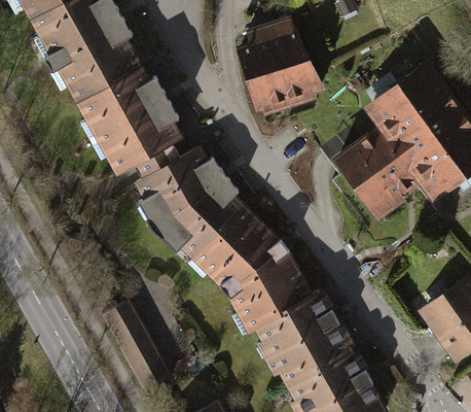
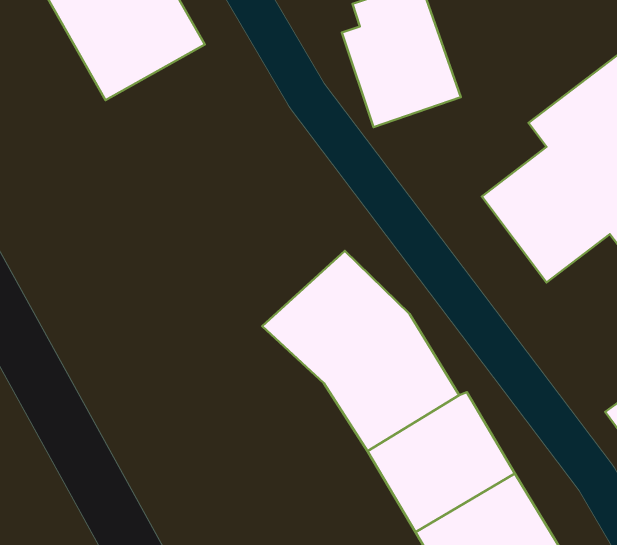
building: [74,58,185,173] -> none
building: [131,148,238,255] -> none
building: [100,300,172,392] -> none

